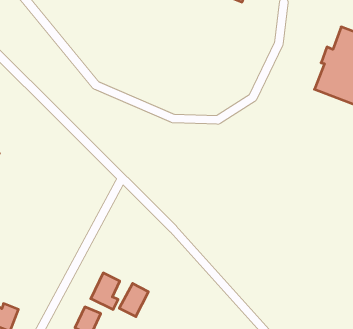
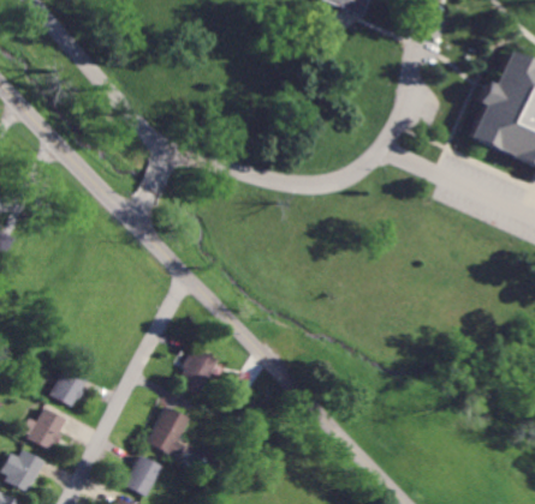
building: none -> [52,364,89,407]
building: none -> [22,408,65,448]
building: [119,283,148,317] -> [178,347,220,395]

